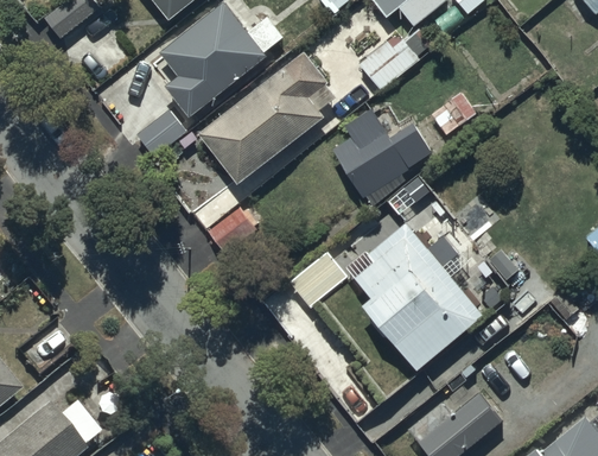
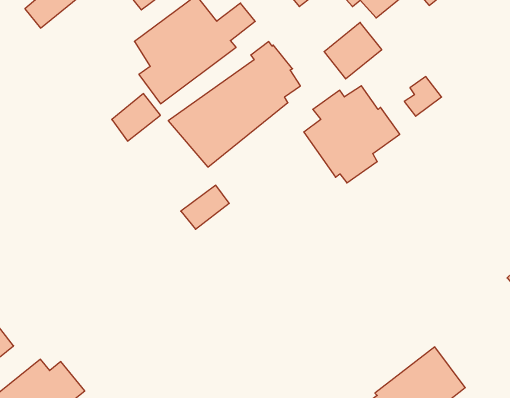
building: [290,179,482,370] -> none

